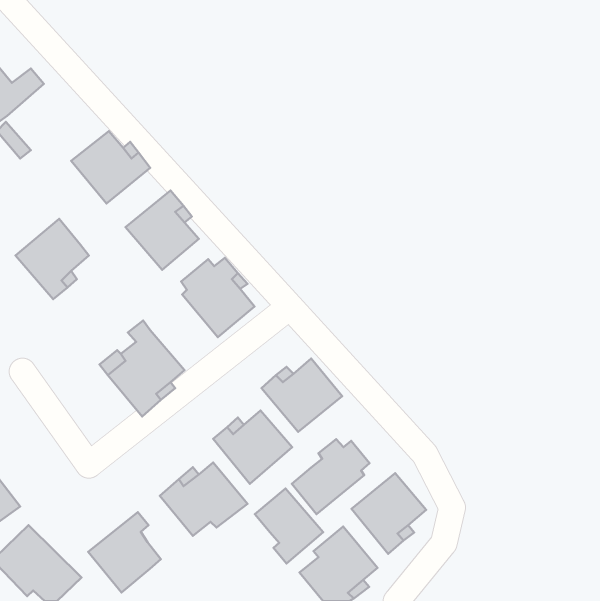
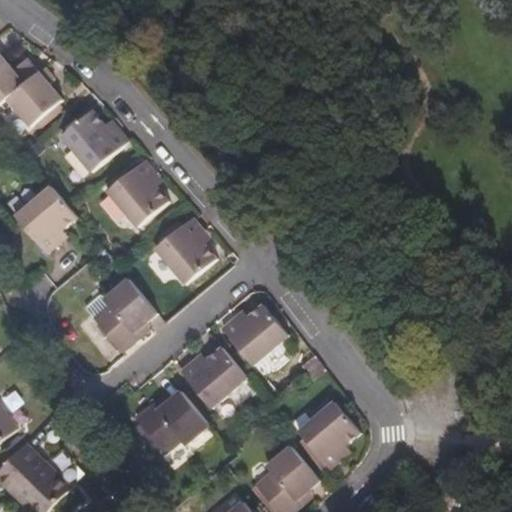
building: none -> [6,67,60,126]
building: [292,439,370,514] -> none
building: [255,489,323,564] -> none
building: [88,512,161,593] -> none

